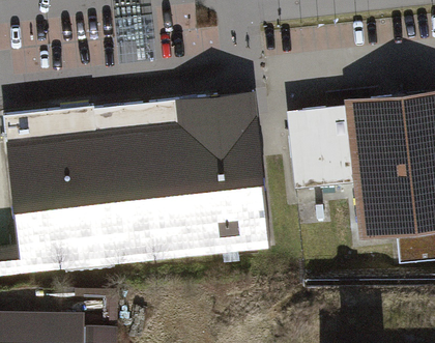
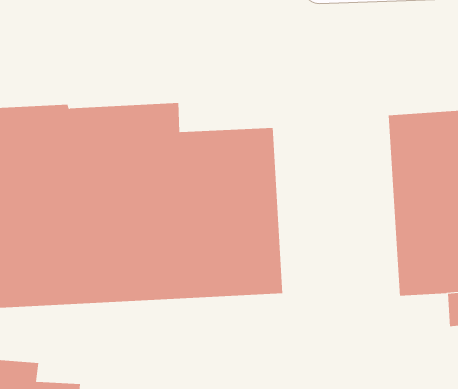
building: [181,95,256,124] -> none
building: [284,103,355,205] -> none

